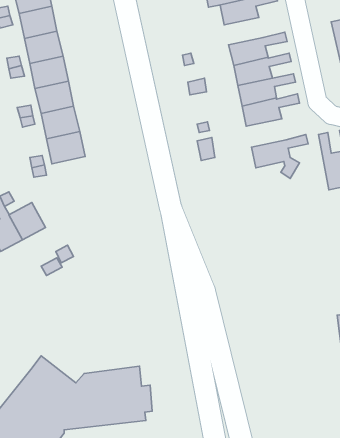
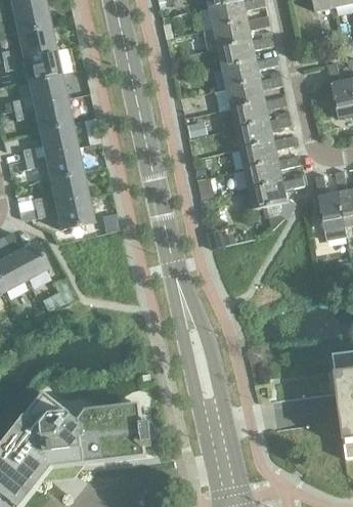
building: none -> [223,54,279,86]
building: none -> [245,155,301,186]
building: none -> [54,196,92,227]

